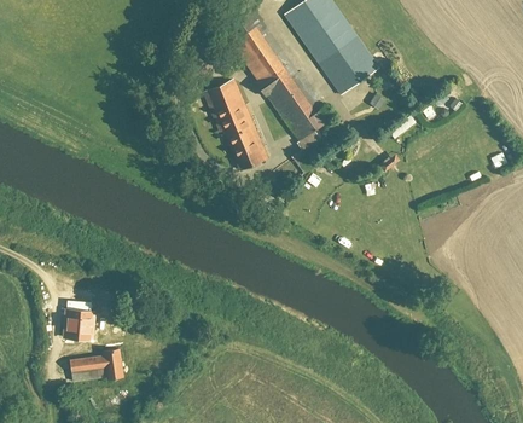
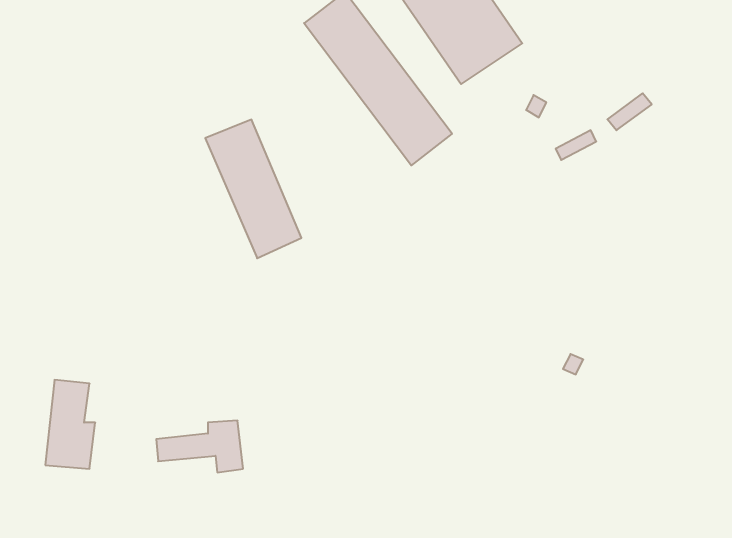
building: [204,80,267,170] -> [205,120,301,258]
building: [66,348,123,382] -> [156,421,243,472]

